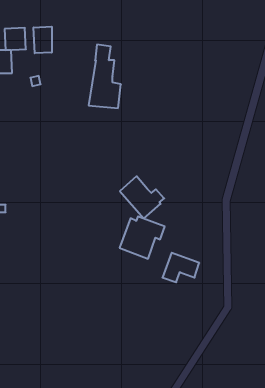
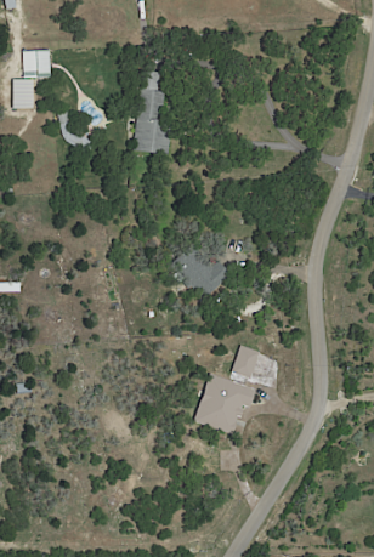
building: [34,27,52,53] -> none
building: [120,216,165,259] -> [195,377,255,433]

